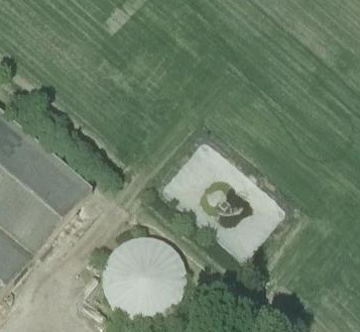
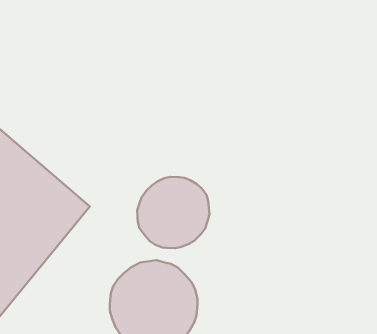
building: none -> [137,177,210,248]

